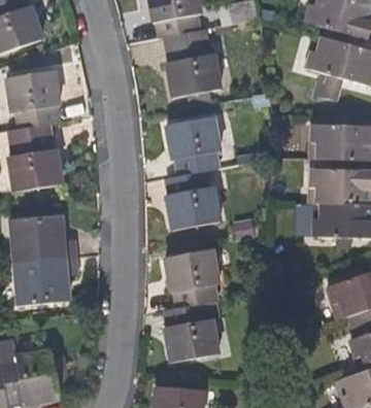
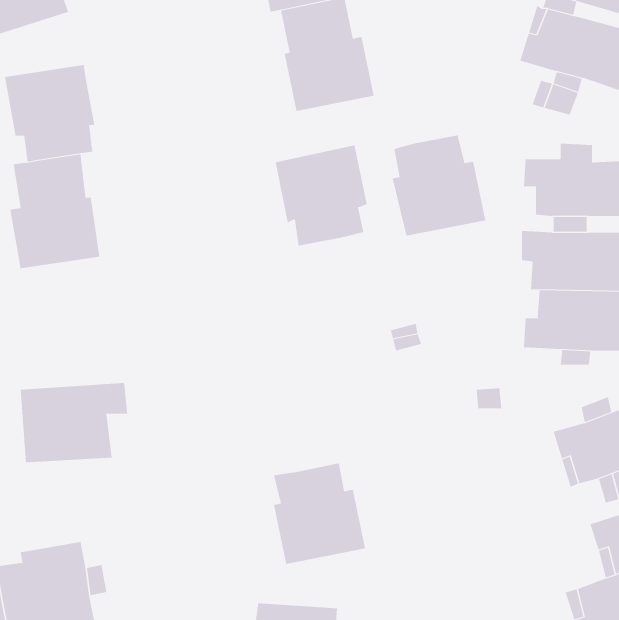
building: [165,172,221,232] -> [392,135,486,236]
building: [11,215,75,262] -> none
building: [162,250,217,310] -> none

